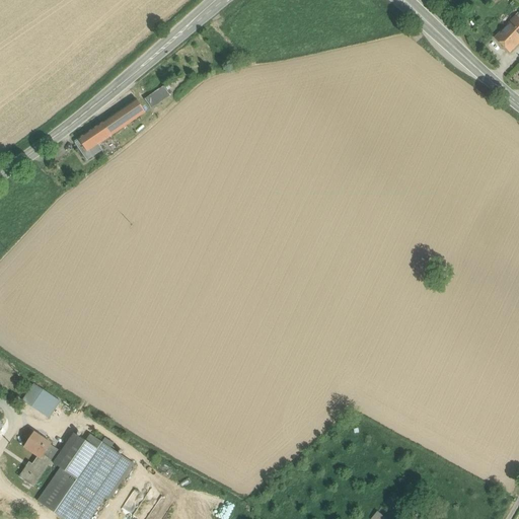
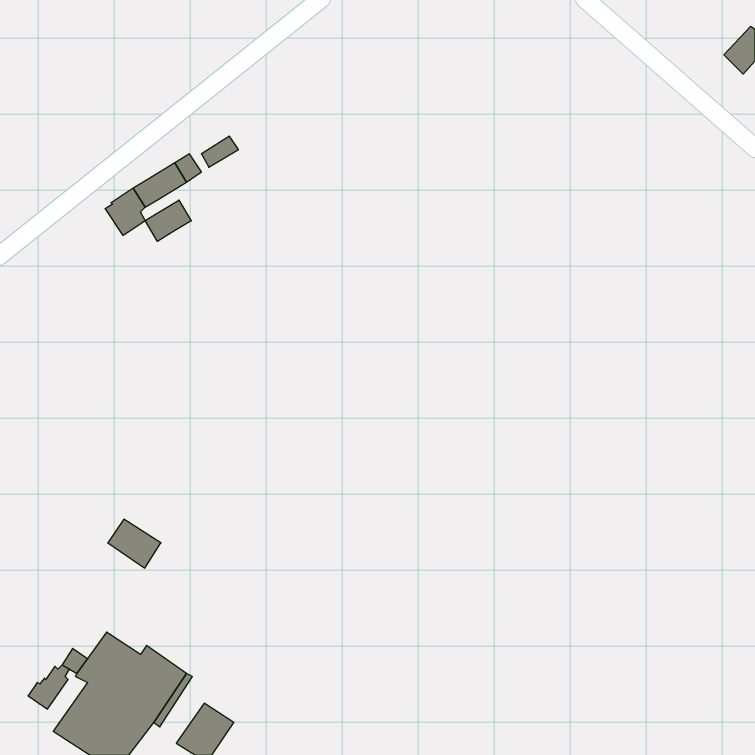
building: none -> [145,200,191,241]
building: [22,384,59,418] -> [108,519,161,568]
building: [23,432,51,458] -> none

